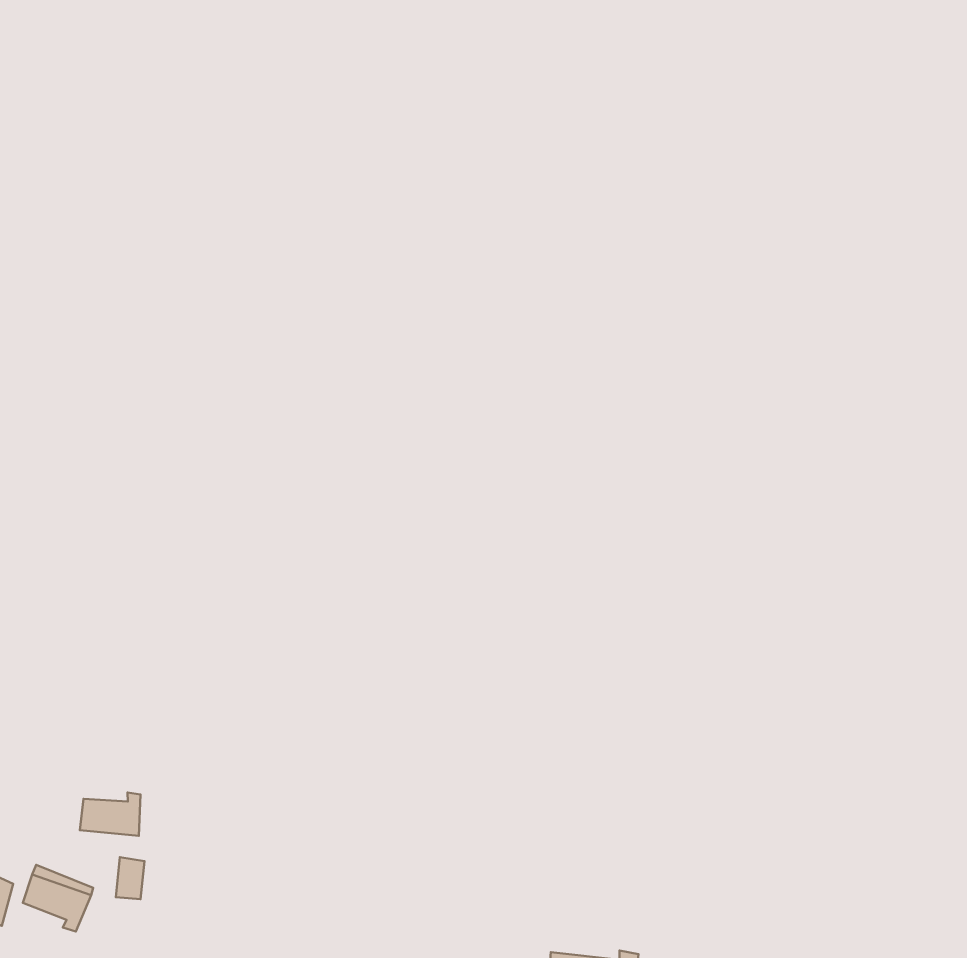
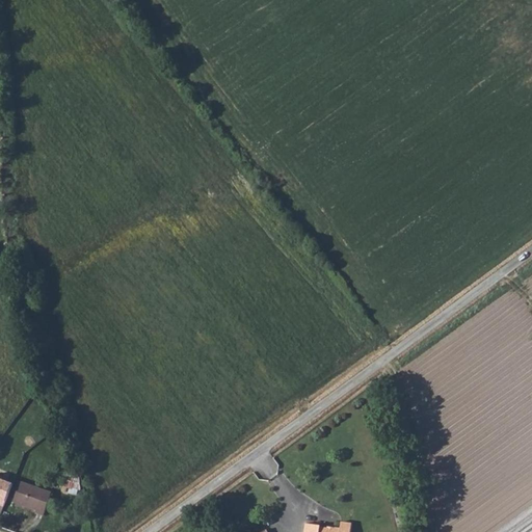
building: [80,793,141,836] -> none

